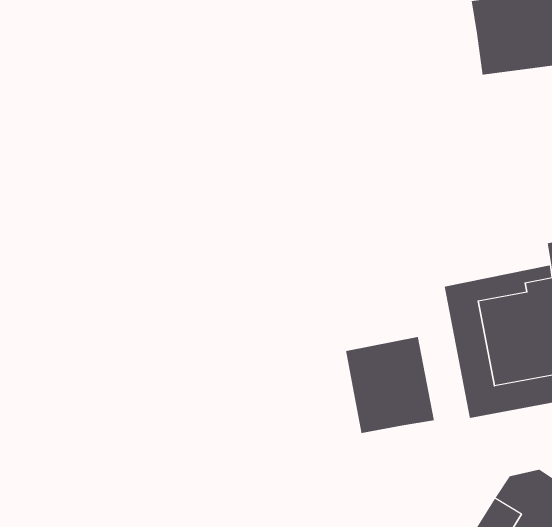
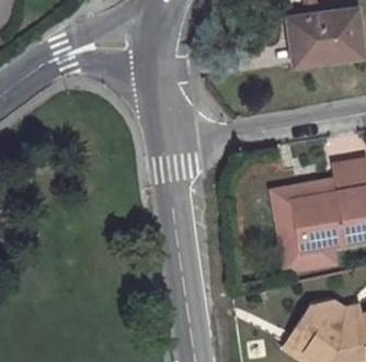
building: [345,336,434,434] -> none

